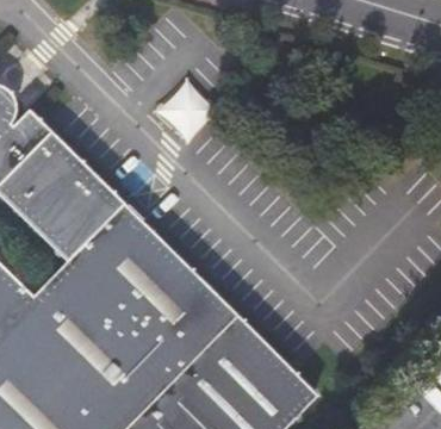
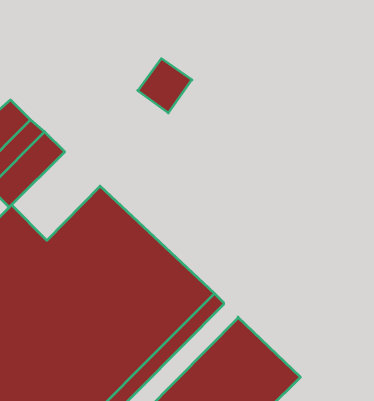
building: [31,166,120,255] -> none

